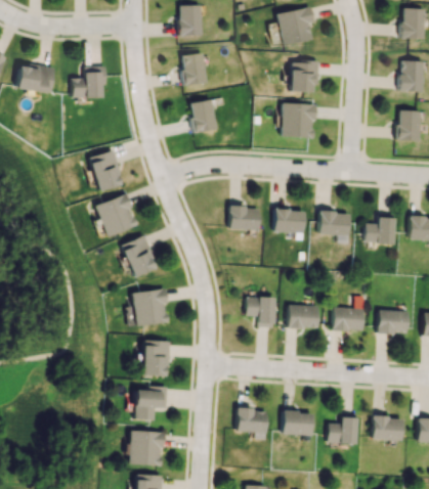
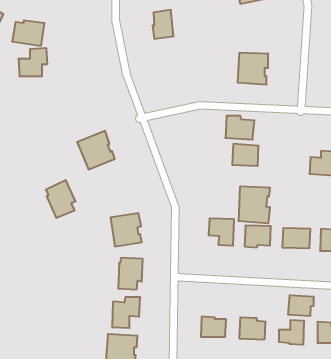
building: [290,60,319,92] -> none
building: [72,65,105,98] -> [18,48,47,76]
building: [189,99,218,135] -> none
building: [86,150,121,193] -> none
building: [228,205,262,232] -> [225,116,254,140]
building: [320,209,350,236] -> none
building: [120,235,155,279] -> [46,180,76,218]
building: none -> [239,186,270,223]
building: none -> [288,295,314,316]

